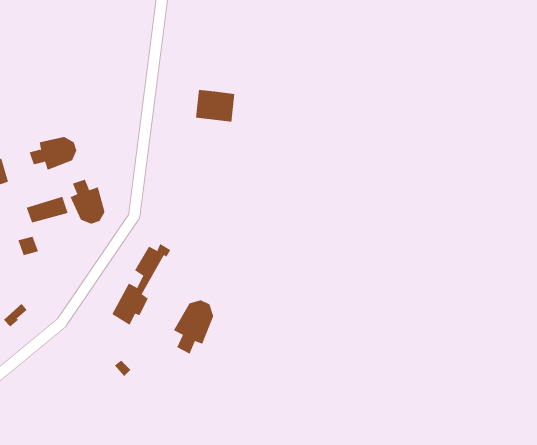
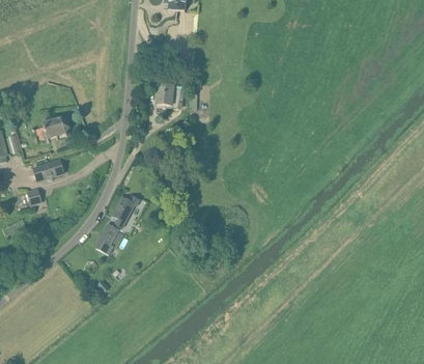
building: [70,179,105,224] -> none
building: [173,299,214,354] -> none

